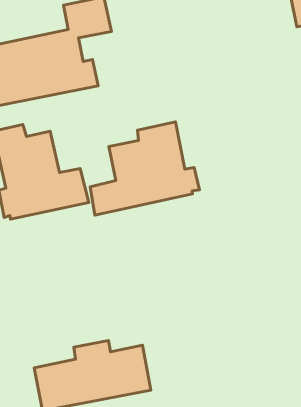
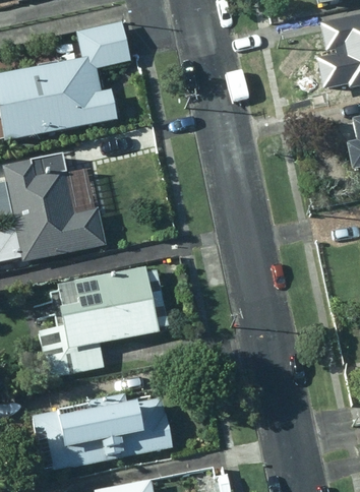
building: [90,122,199,215] -> none
building: none -> [40,268,168,373]

